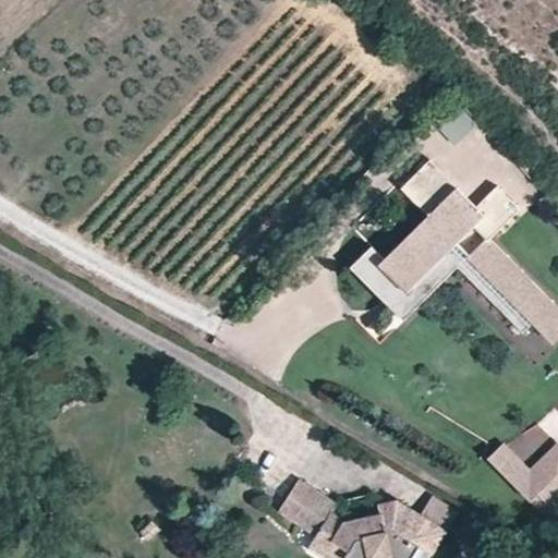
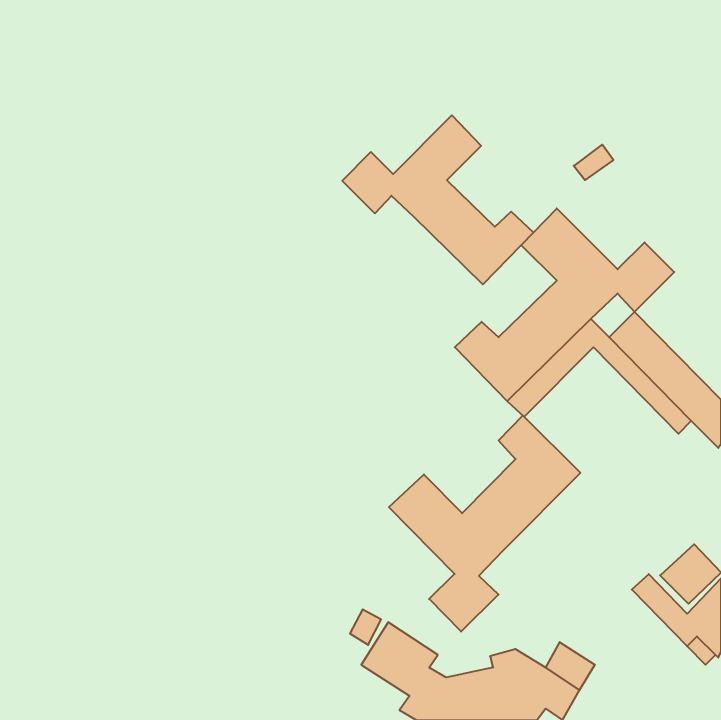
building: none -> [342,115,534,284]
building: none -> [389,415,580,632]

